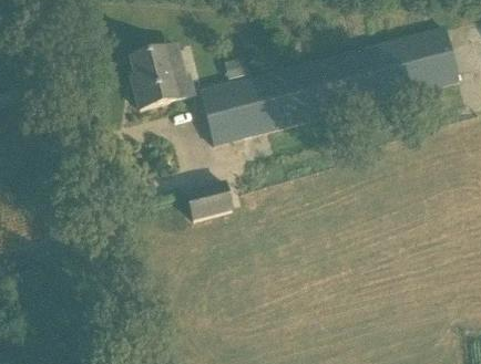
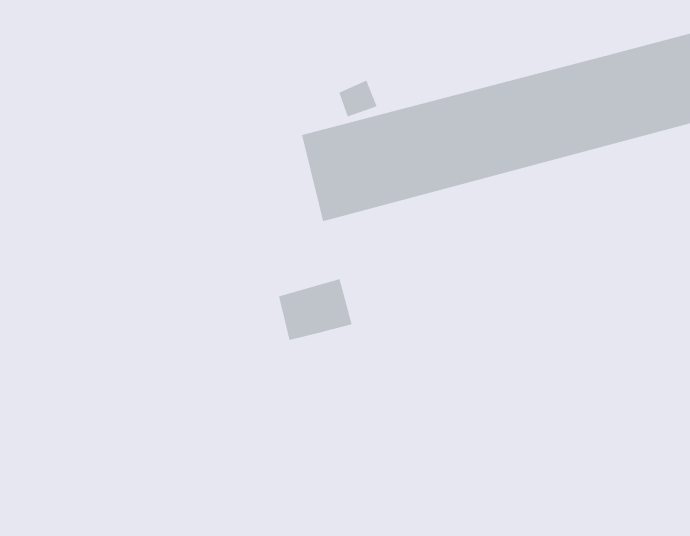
building: [131,44,195,108] -> none

